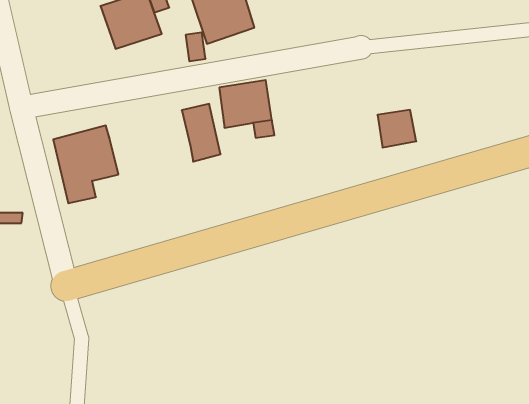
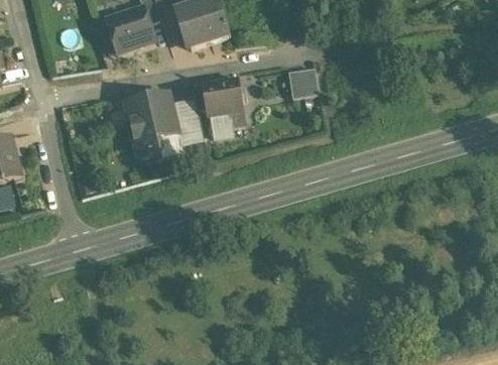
building: [377,110,416,147] -> [287,68,319,98]
building: [53,126,118,203] -> [125,92,177,154]

